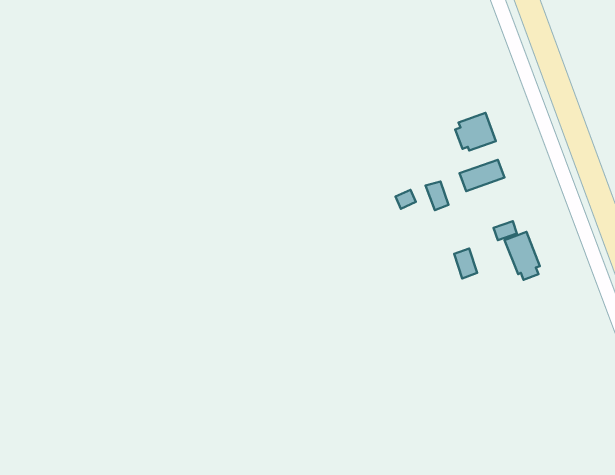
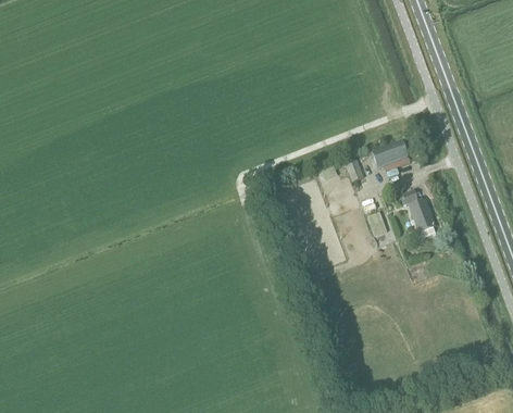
building: [455,113,496,151] -> none

